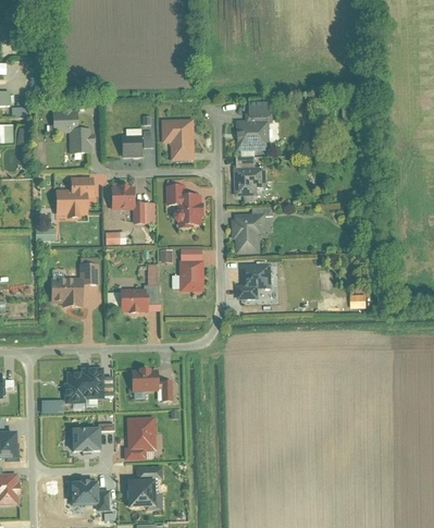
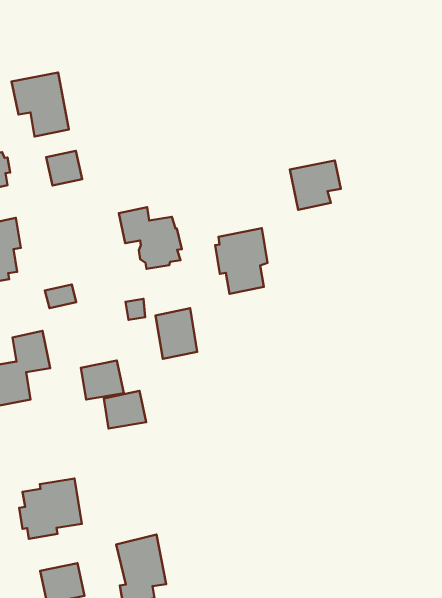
building: [235,112,272,151] -> none
building: [161,119,196,161] -> [12,72,69,137]
building: [232,167,265,197] -> [290,160,341,210]
building: [110,185,157,225] -> none
building: [235,263,270,299] -> none
building: [131,369,158,392] -> [104,391,146,429]

